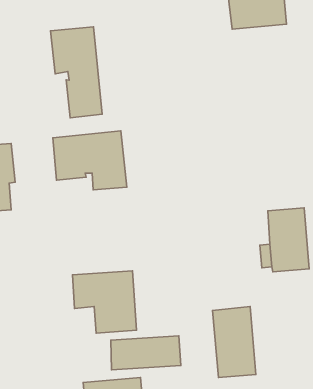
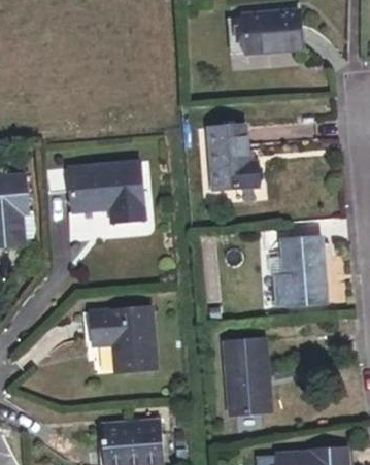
building: [51,27,102,118] -> none
building: none -> [211,126,260,180]
building: [111,336,181,370] -> none

